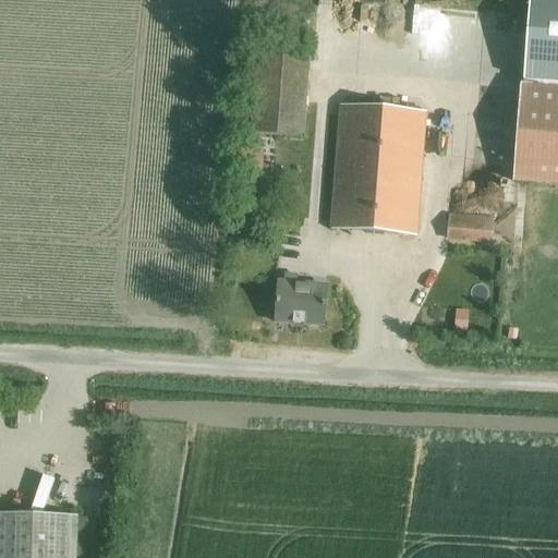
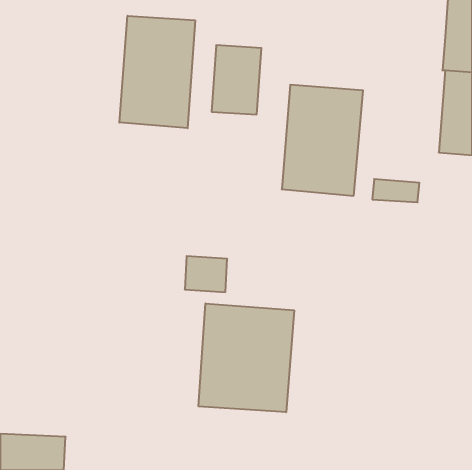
building: none -> [119,16,195,128]
building: [276,281,326,324] -> [185,256,227,292]
building: none -> [199,303,294,412]

